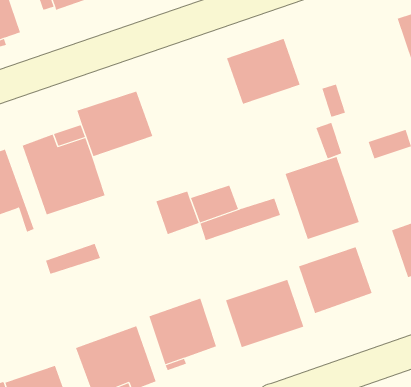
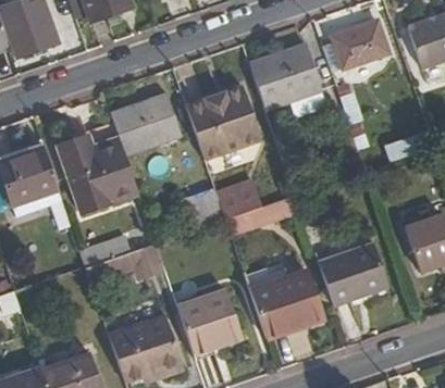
building: none -> [320,22,386,73]
building: none -> [185,86,259,159]
building: [285,156,360,240] -> none

